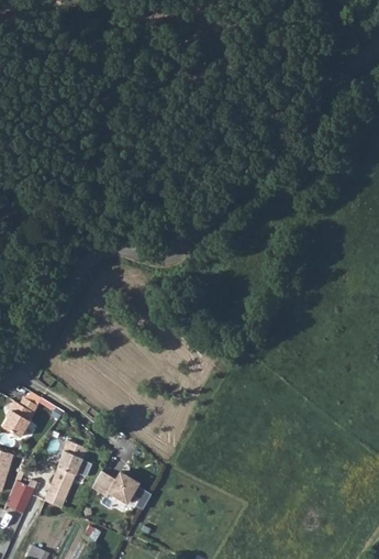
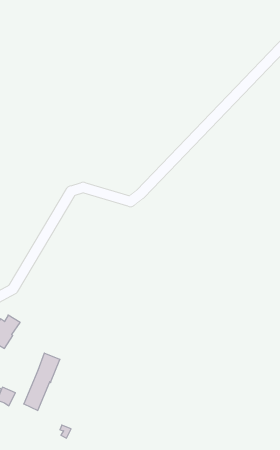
building: [92,473,138,505] -> none

